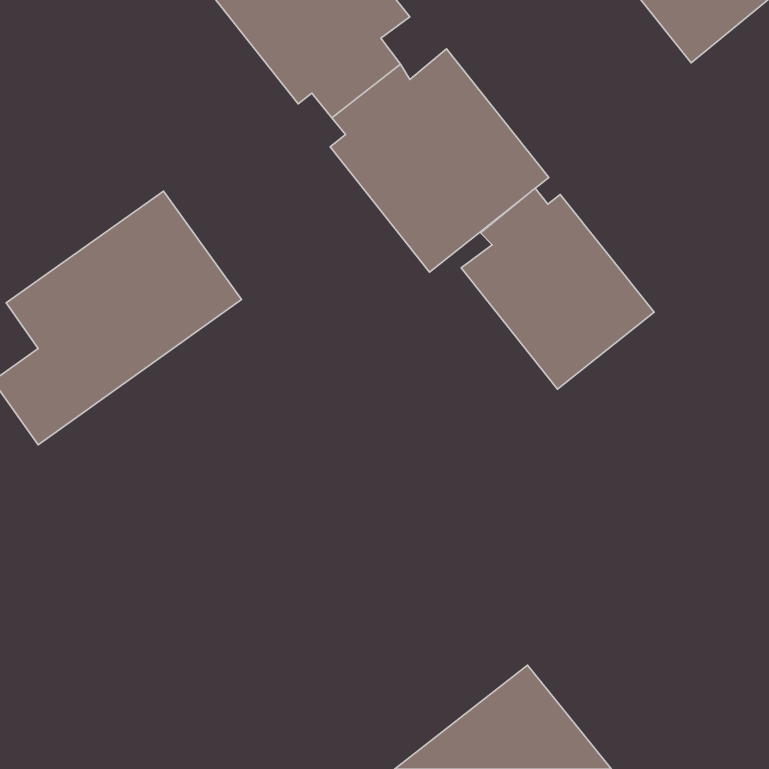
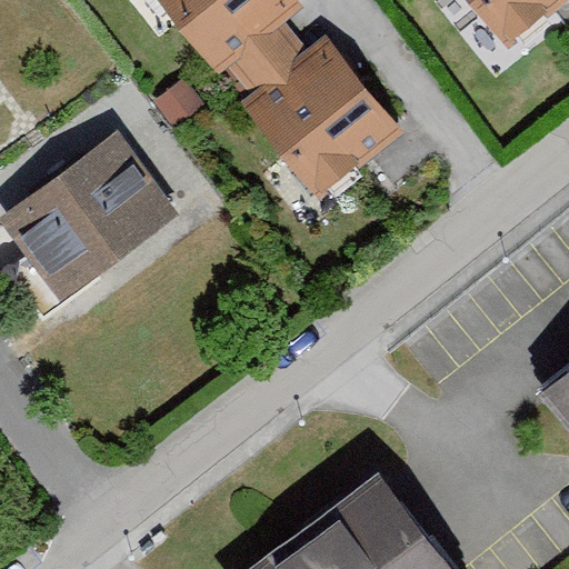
building: [461,188,654,389] -> none

